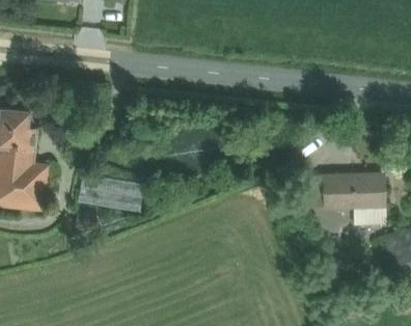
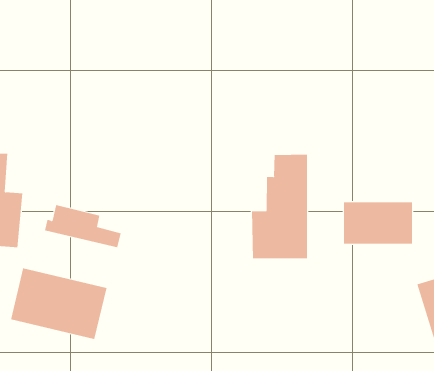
building: none -> [252,154,307,259]
building: none -> [10,268,107,340]

